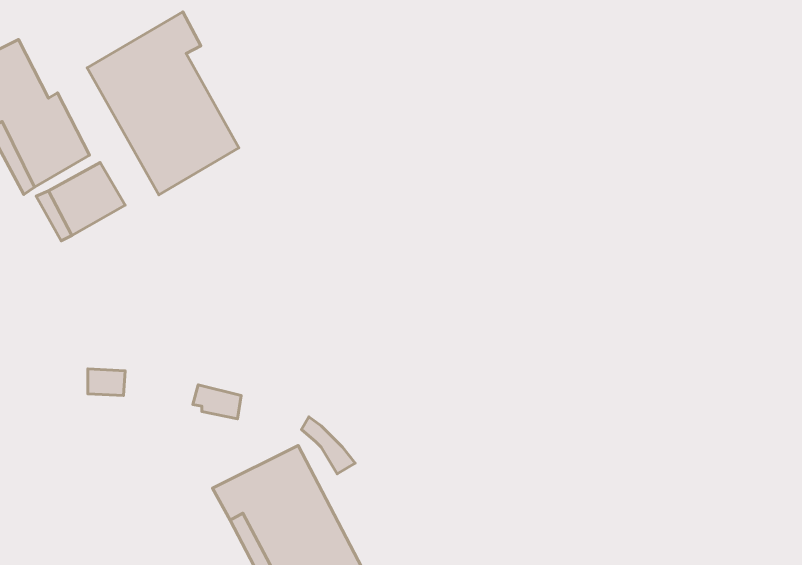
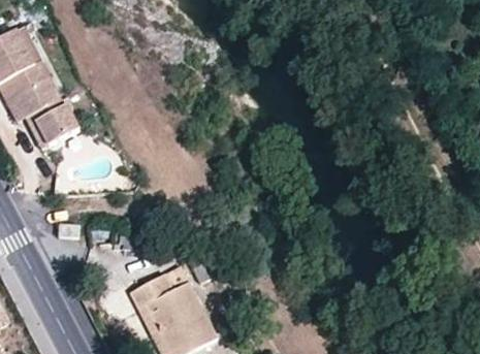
building: [87,12,239,195] -> none

